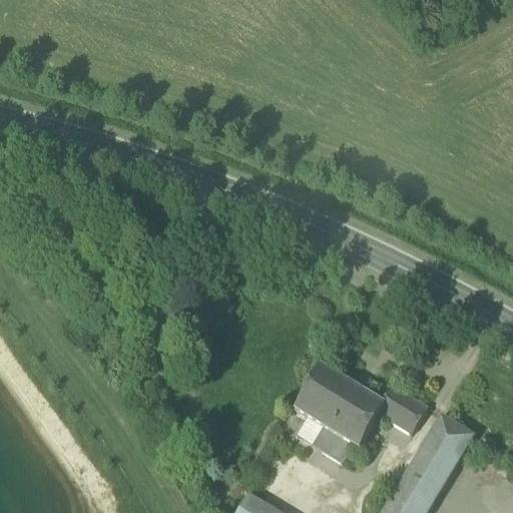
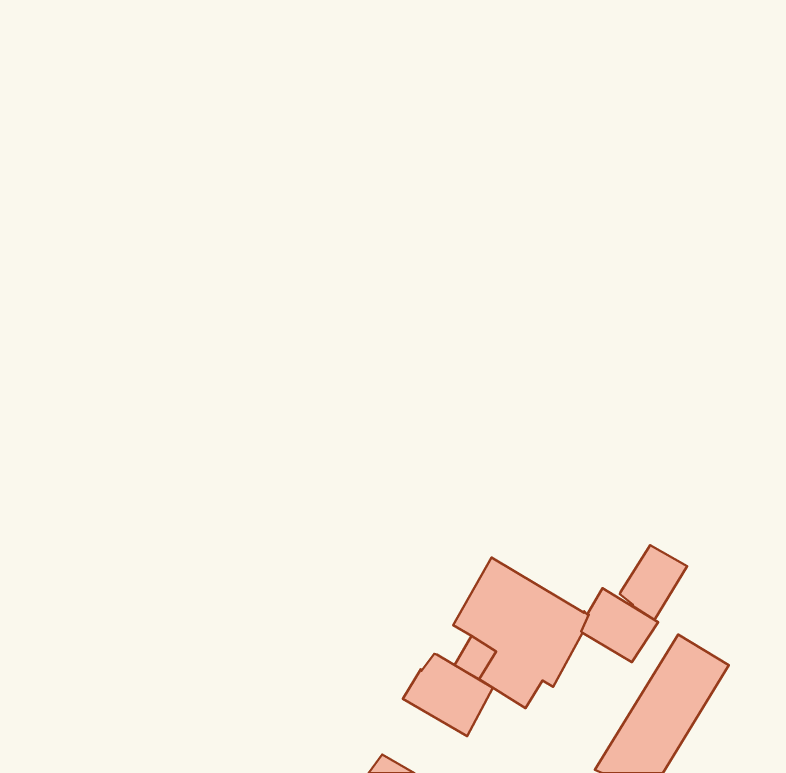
building: none -> [620,545,687,620]
building: none -> [403,654,493,736]

